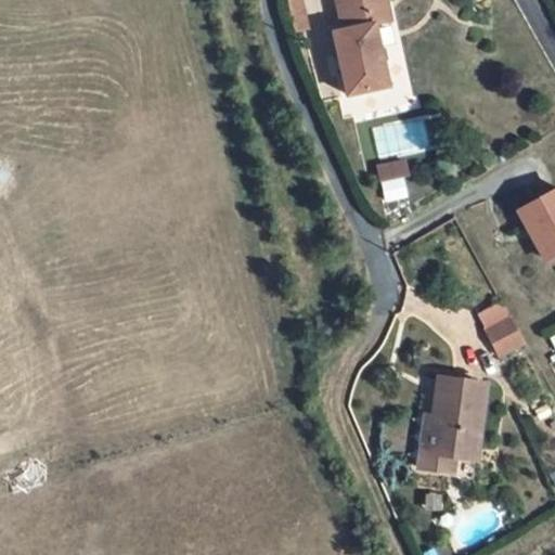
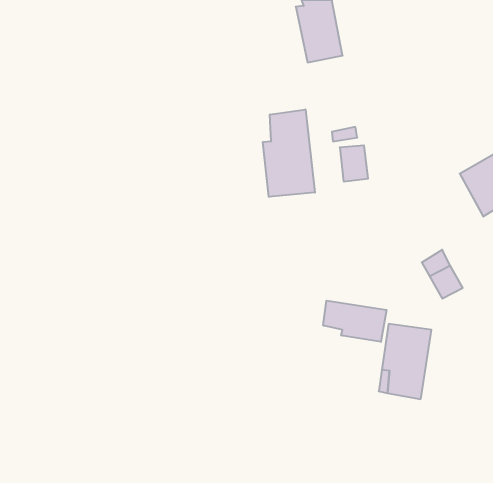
building: none -> [263,109,315,197]
building: none -> [323,301,387,342]

